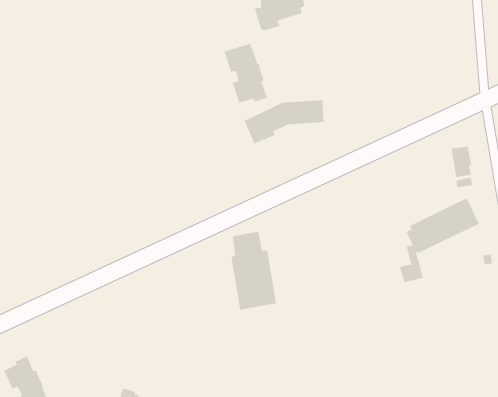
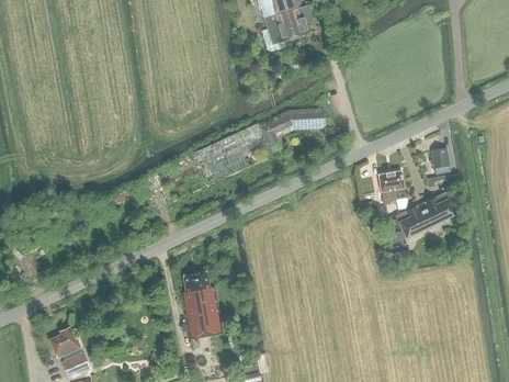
building: [224,43,268,104] -> none
building: none -> [378,169,408,207]
building: [231,231,277,310] -> [182,269,222,337]

